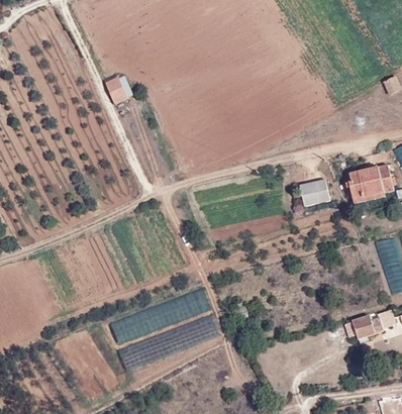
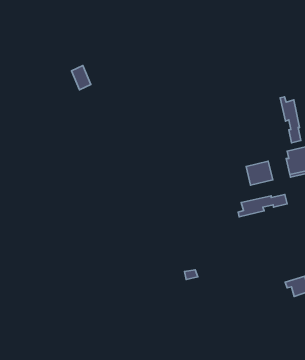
building: none -> [280,97,301,143]
building: none -> [238,194,287,217]

